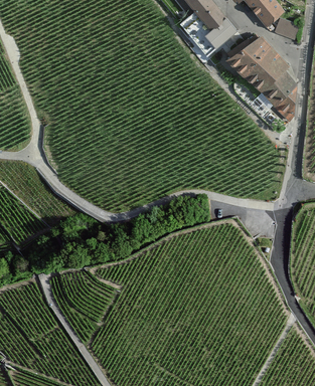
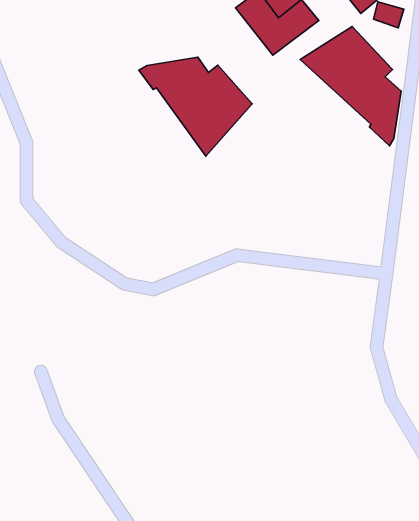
building: none -> [139,57,252,156]

